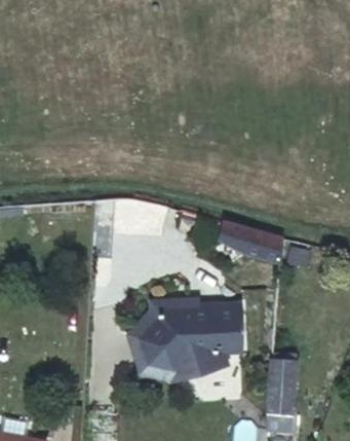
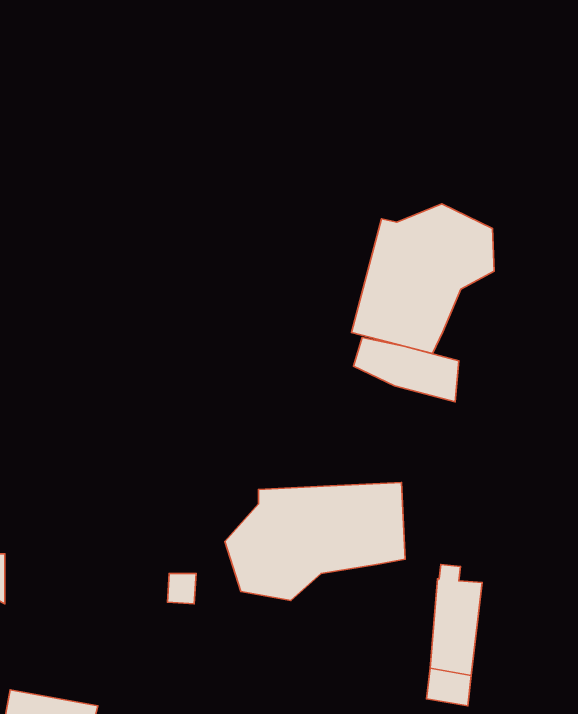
building: none -> [351,204,494,354]
building: [128,299,230,382] -> none

